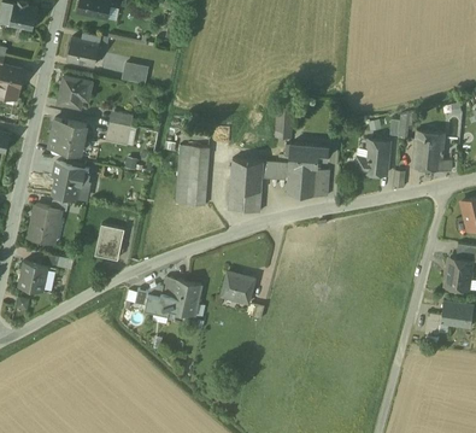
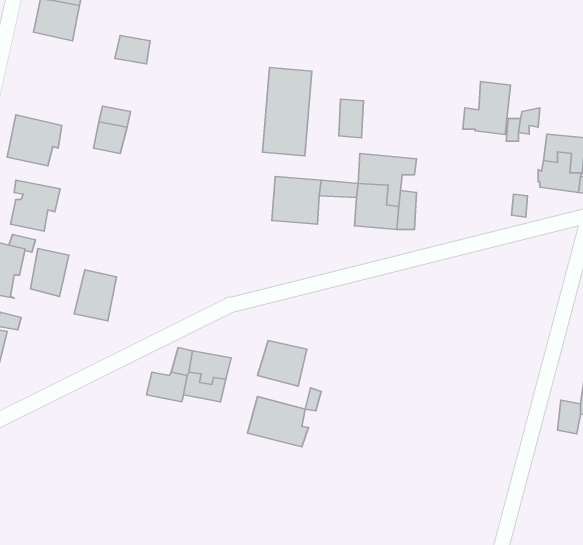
building: [59,75,92,107] -> none
building: [357,139,389,175] -> [463,82,511,134]
building: [176,145,210,205] -> [262,68,312,156]
building: [229,189,261,211] -> none
building: none -> [30,249,69,296]
building: none -> [248,397,308,447]

